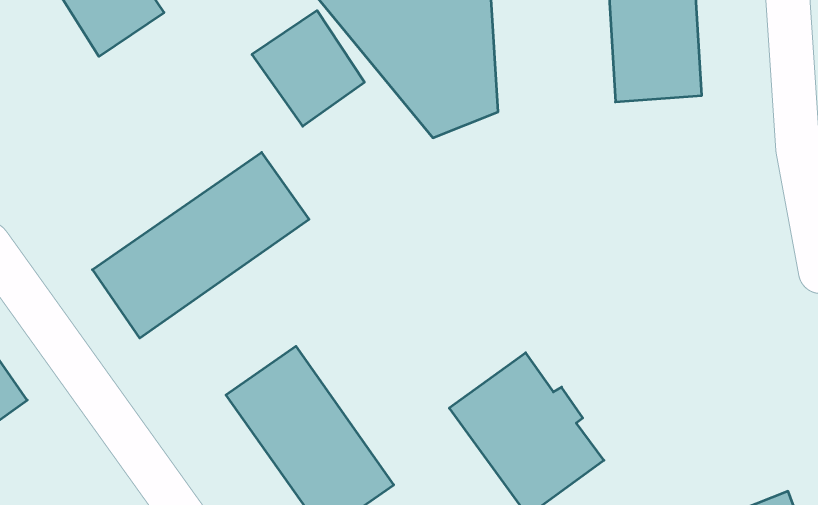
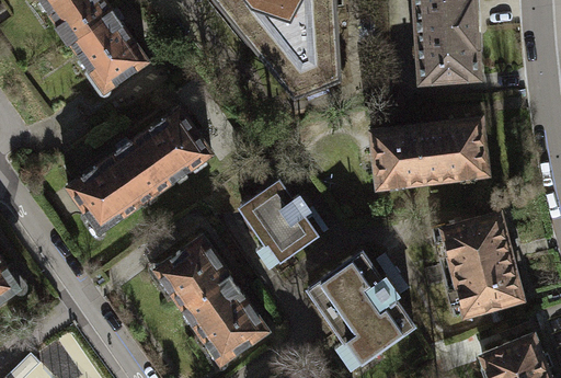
building: [252,11,364,126] -> [71,16,147,94]
building: none -> [373,121,490,187]
building: none -> [237,174,313,253]
building: none -> [435,217,526,321]

